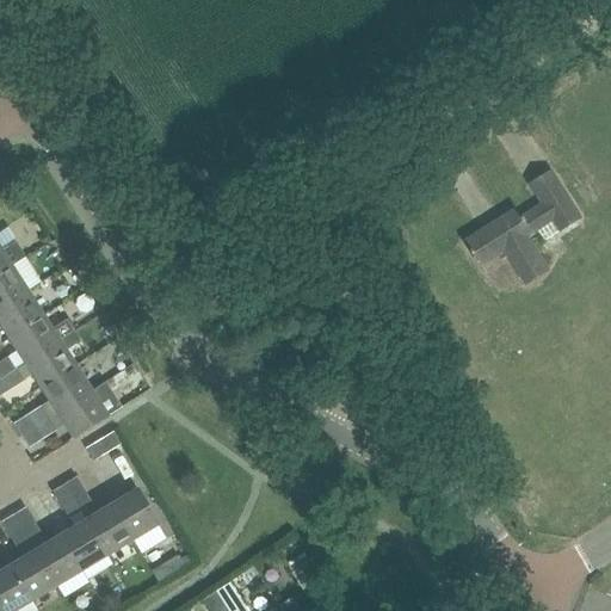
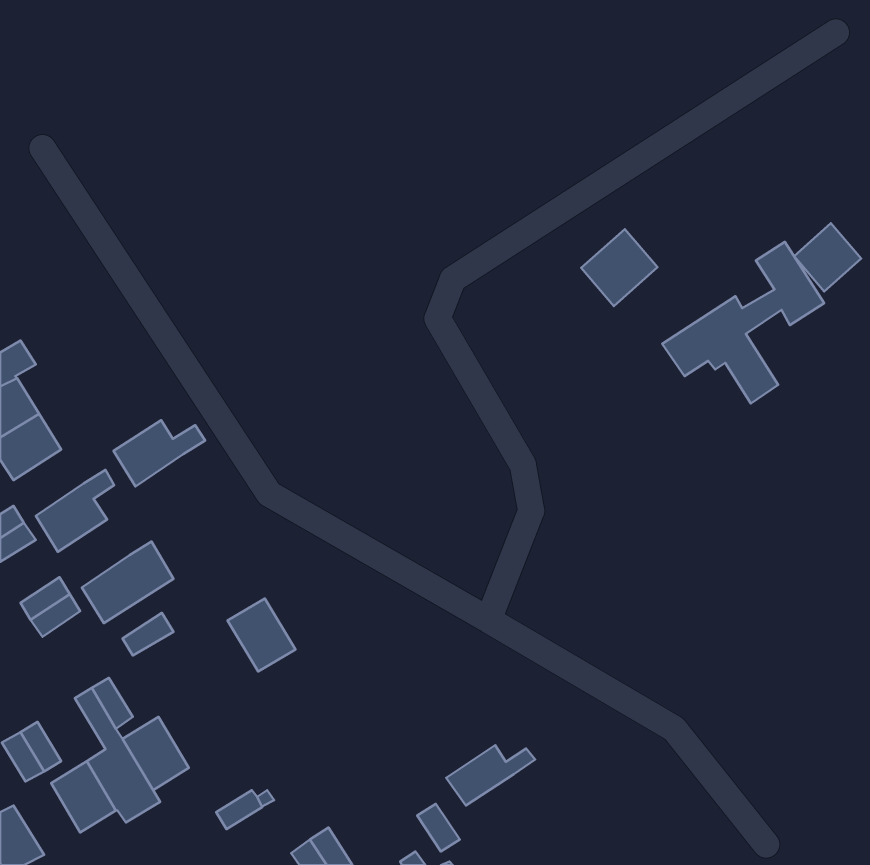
building: none -> [794,223,861,291]
building: none -> [581,229,657,306]
building: [10,315,74,362] -> [113,420,205,486]
building: [41,364,91,412] -> none
building: [111,487,159,538] -> [227,598,296,672]
building: none -> [446,745,535,805]
building: [10,549,56,599] -> none

